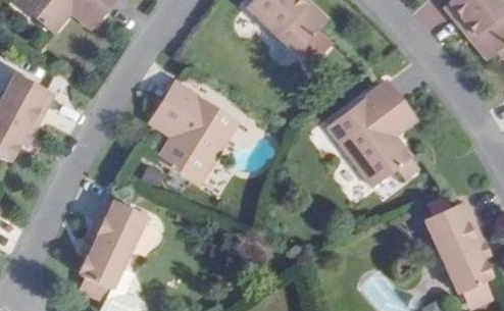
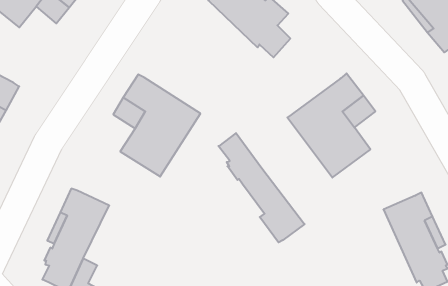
building: none -> [218,133,305,242]

